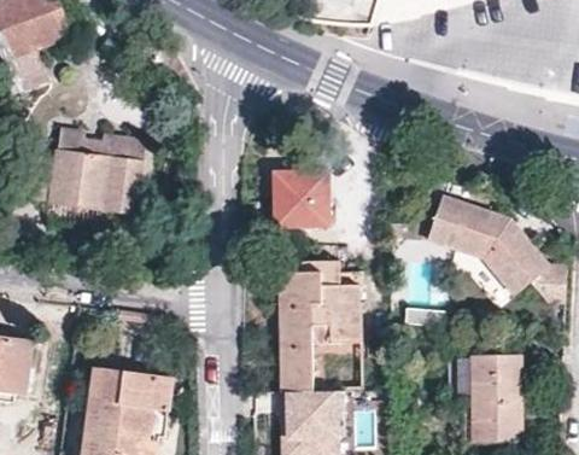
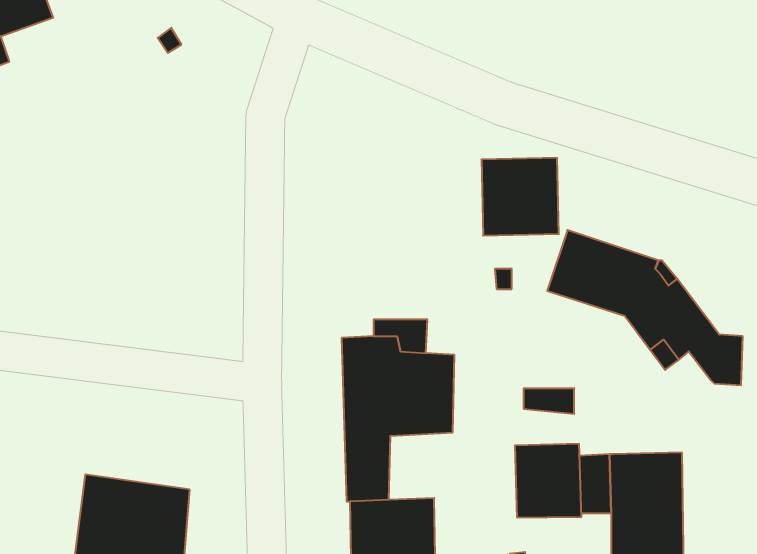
building: [49,130,145,214] -> none
building: [273,169,328,224] -> [481,158,559,236]
building: none -> [515,444,581,518]

